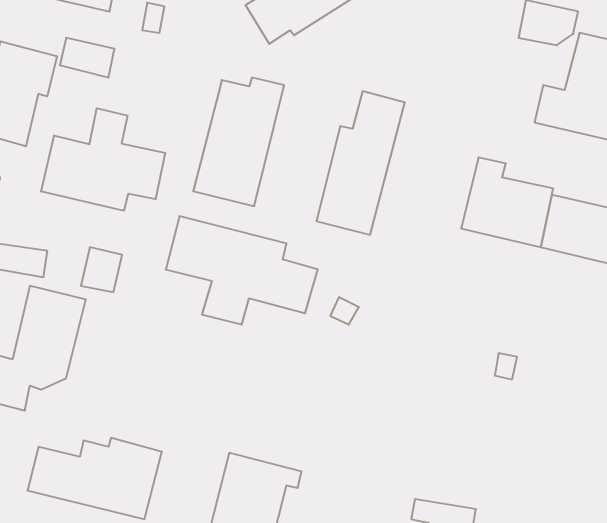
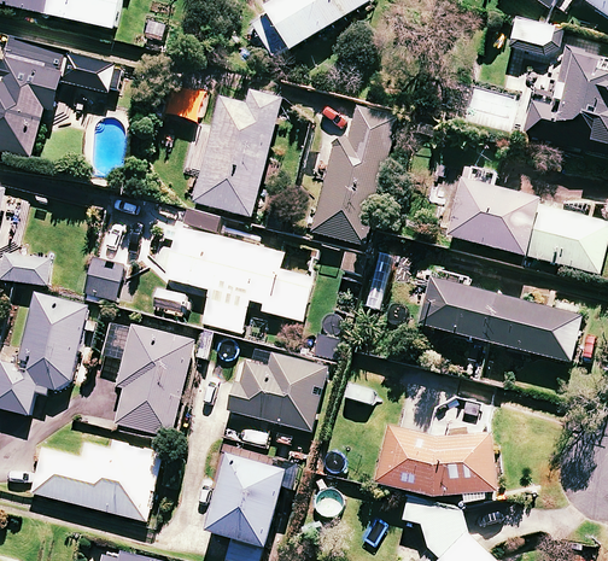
building: [41,108,165,211] -> none
building: none -> [421,279,581,361]
building: none -> [100,319,193,436]
building: none -> [228,352,326,429]
building: none -> [382,432,495,506]

